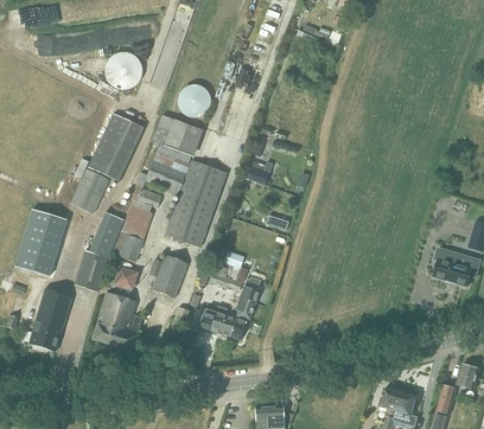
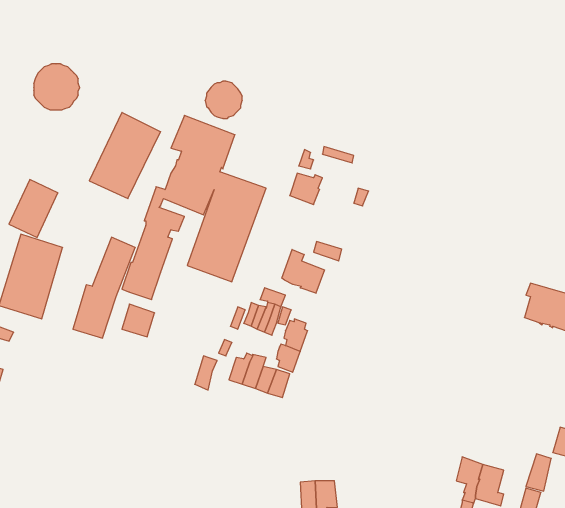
building: [106,51,142,88] -> [34,64,80,110]
building: [70,167,109,213] -> [9,180,58,237]
building: none -> [282,249,324,293]
building: [148,254,189,296] -> none
building: [28,287,71,350] -> none
building: [91,292,142,351] -> none

